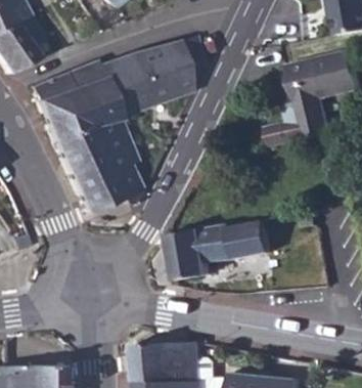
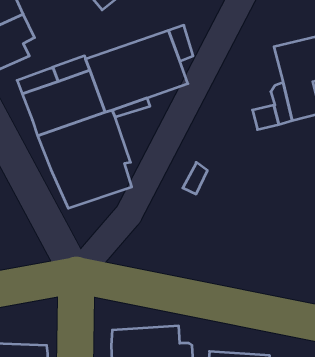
building: [171,218,274,275] -> none

